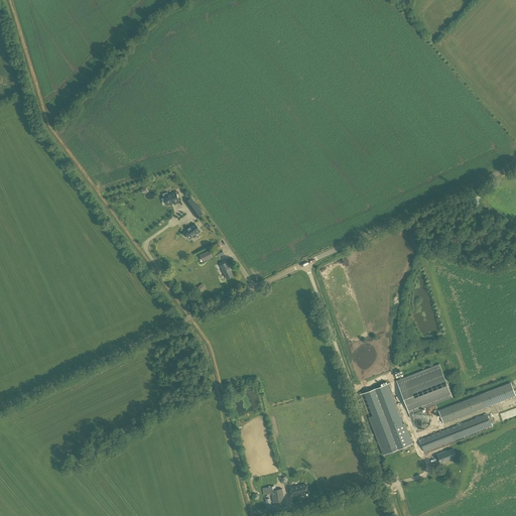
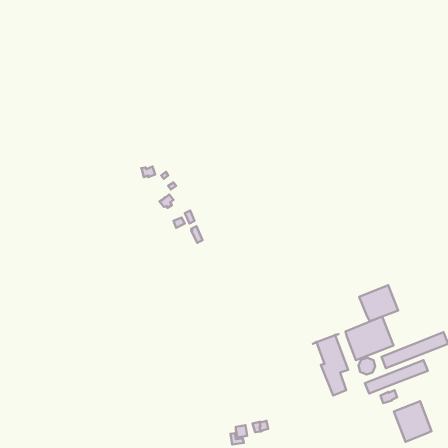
building: none -> [359,285,398,321]
building: none -> [394,401,432,442]

